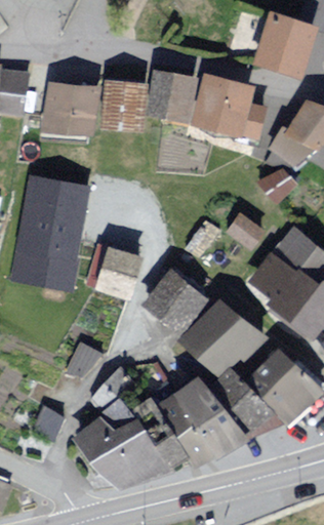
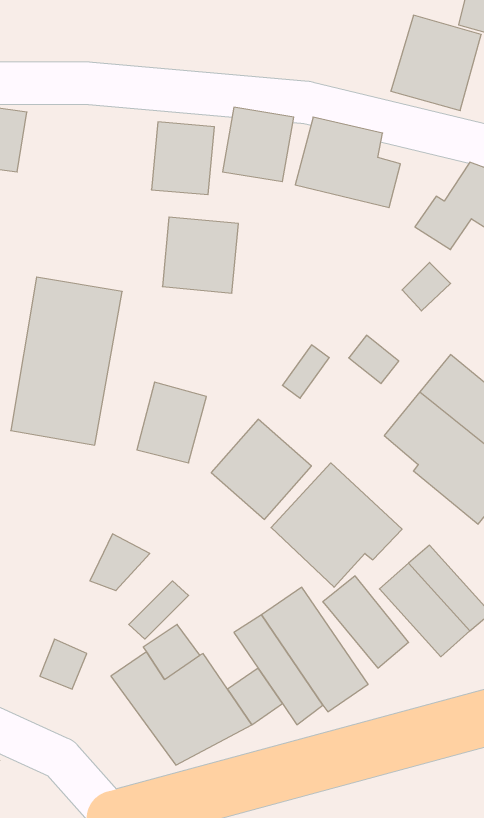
building: [46,84,94,132] -> [162,217,238,293]

